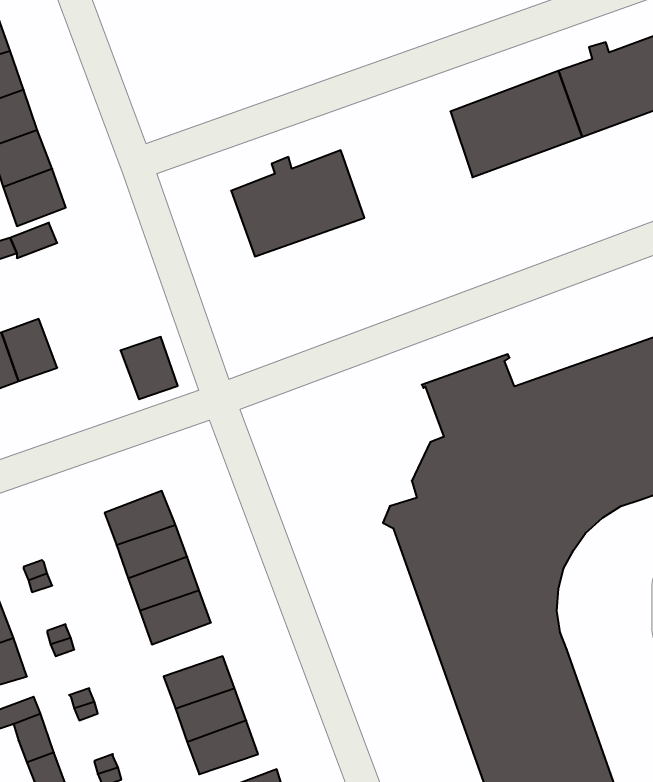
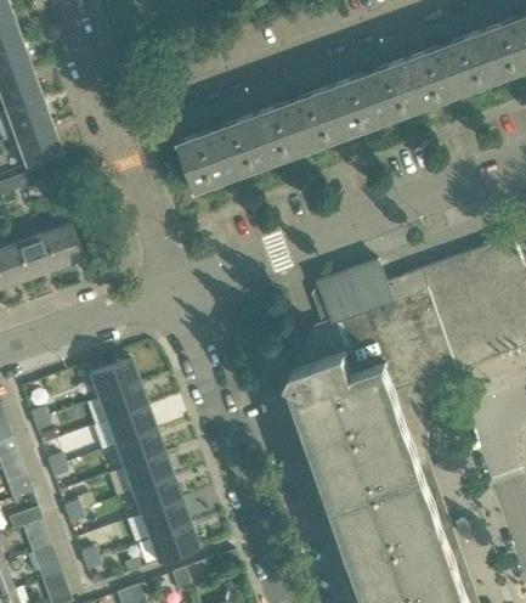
building: none -> [258,85,352,162]
building: [120,337,178,399] -> [40,225,81,270]
building: none -> [121,453,172,492]

